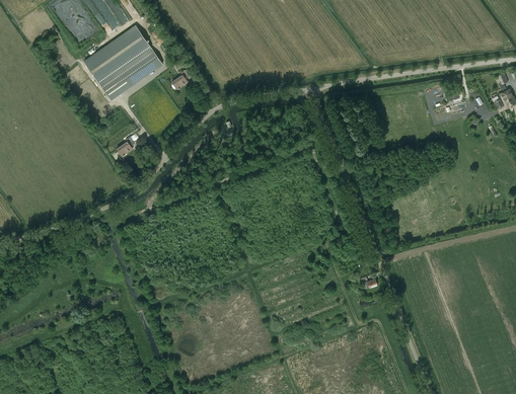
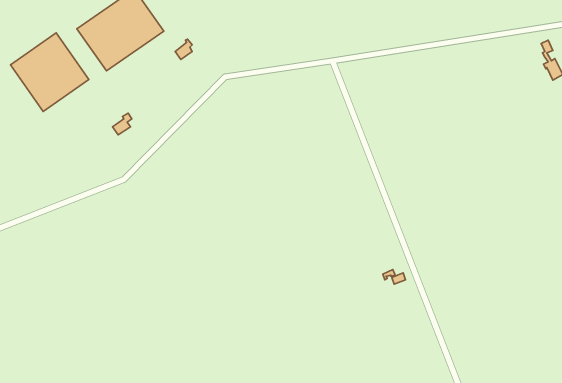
building: none -> [10,33,89,112]

